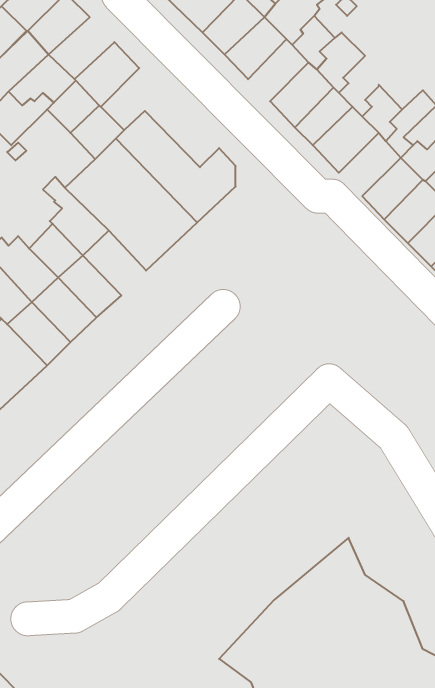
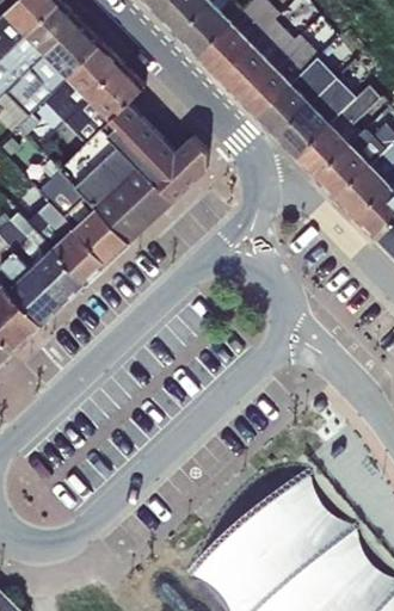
building: none -> [43,21,100,75]
building: none -> [295,39,343,107]
building: none -> [216,41,269,94]
building: none -> [88,66,142,119]
building: none -> [295,122,349,177]
building: none -> [73,206,128,263]

